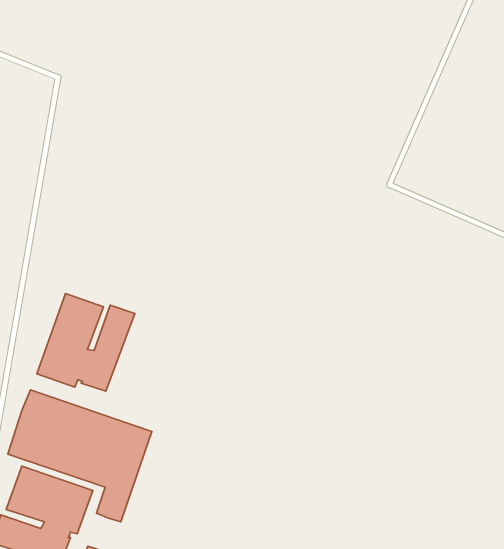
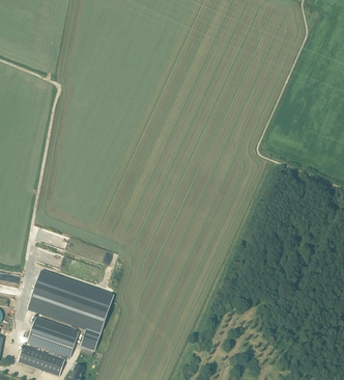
building: [37,294,135,391] -> none

